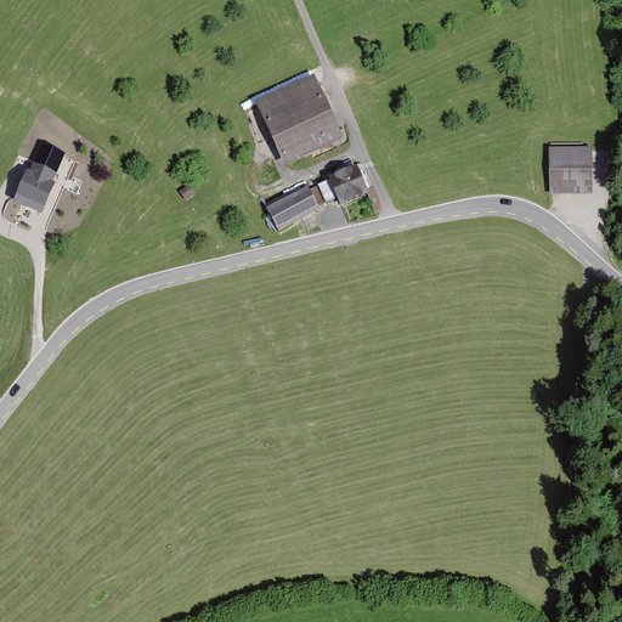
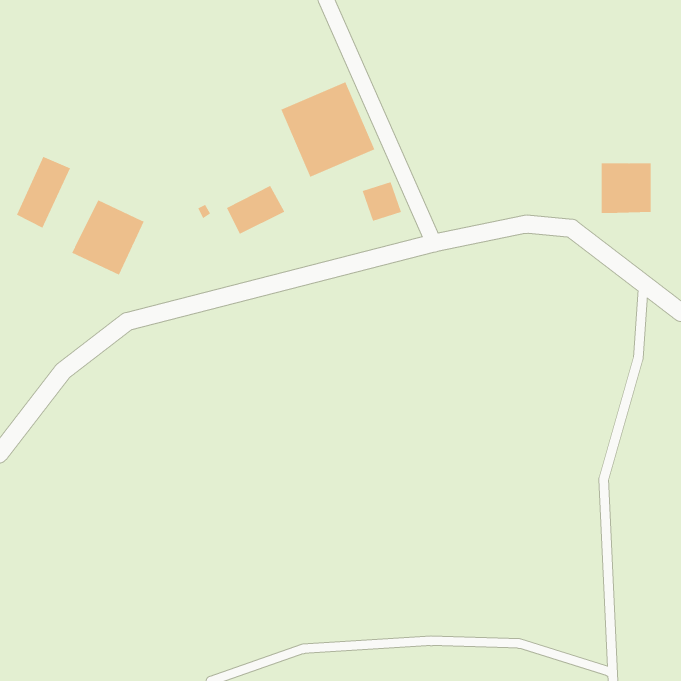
building: none -> [72,200,144,275]
building: [266,185,320,230] -> [226,185,285,235]

